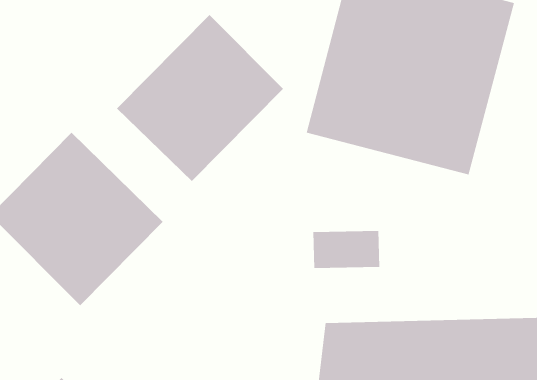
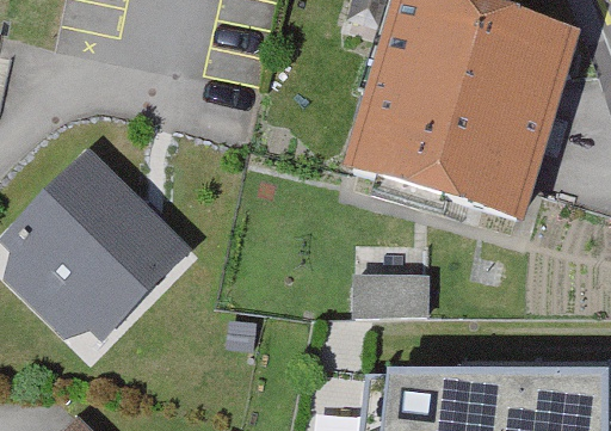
building: [116,14,284,182] -> none

